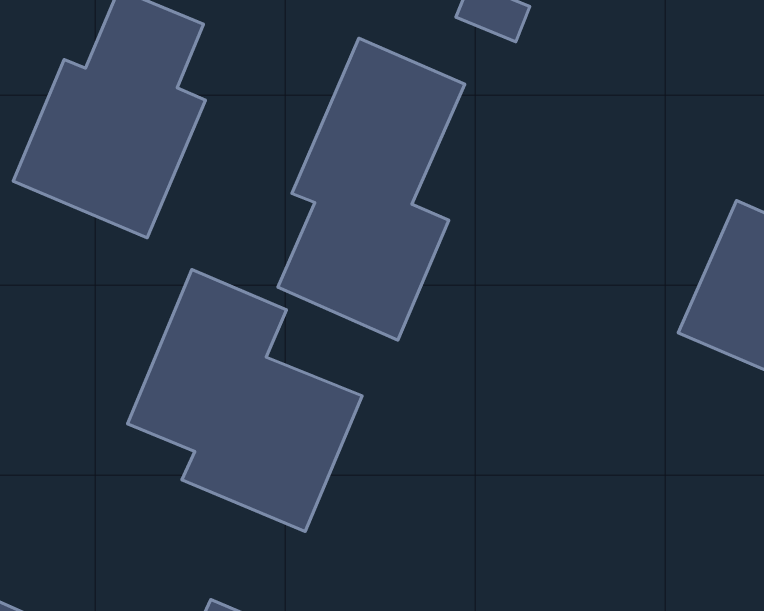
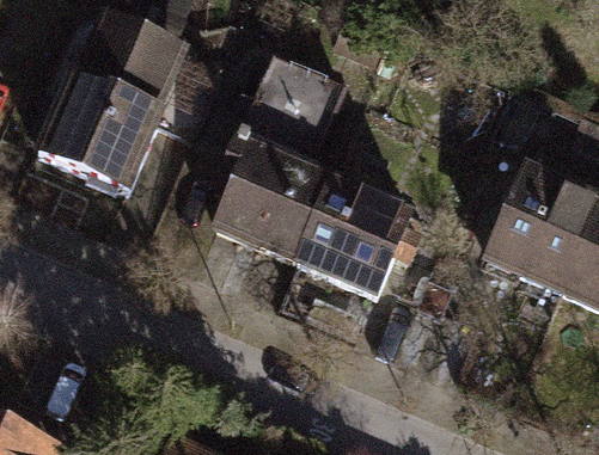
building: none -> [299,164,412,297]
building: [127,270,362,531] -> none

